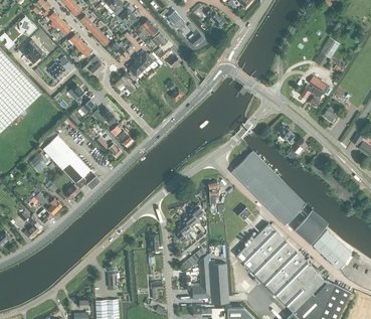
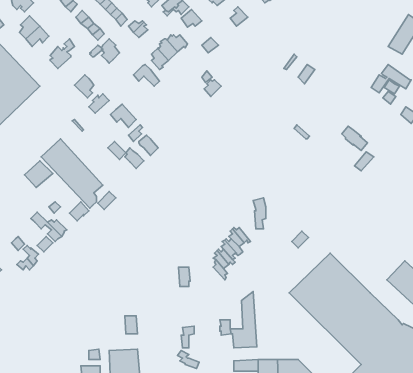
building: [233,153,303,222] -> none
building: [295,214,323,243] -> none
building: [209,263,229,303] -> none

